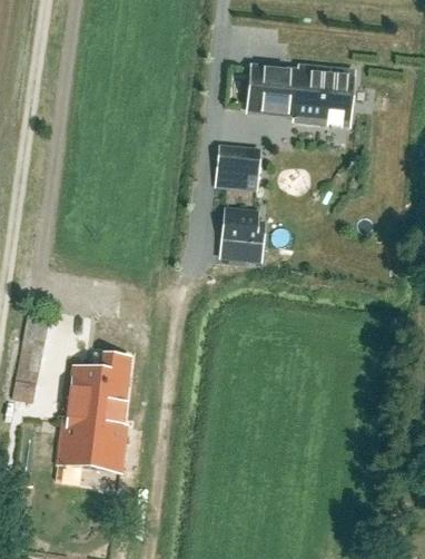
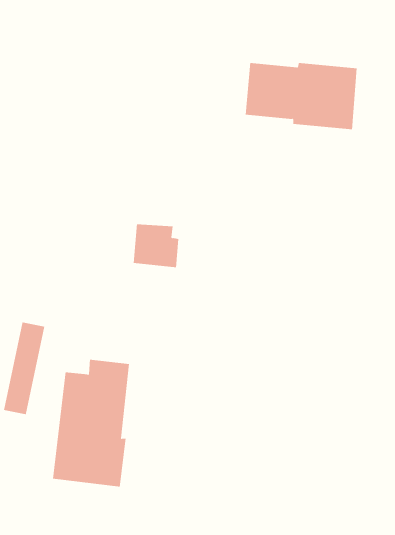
building: [212,145,259,192] -> none
building: [218,208,263,251] -> [133,224,179,268]

